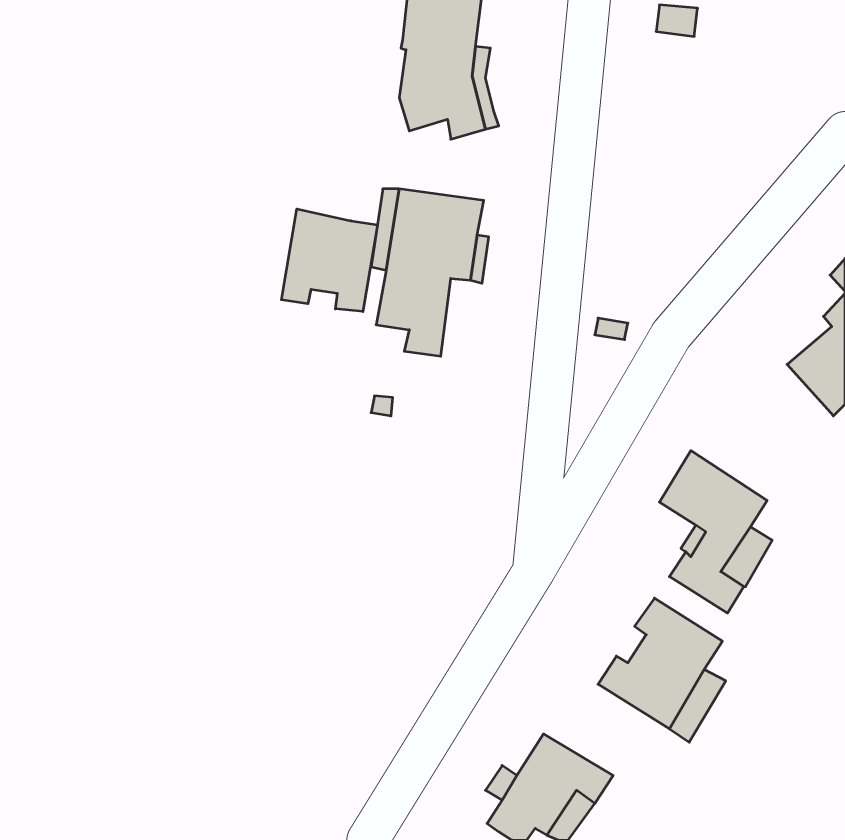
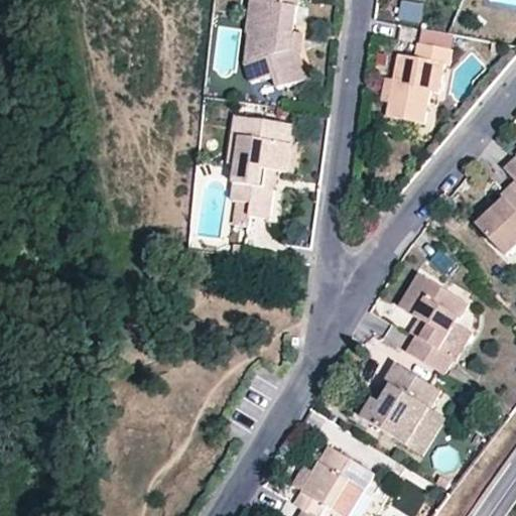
building: none -> [385,45,447,123]
building: [281,209,377,312] -> none

